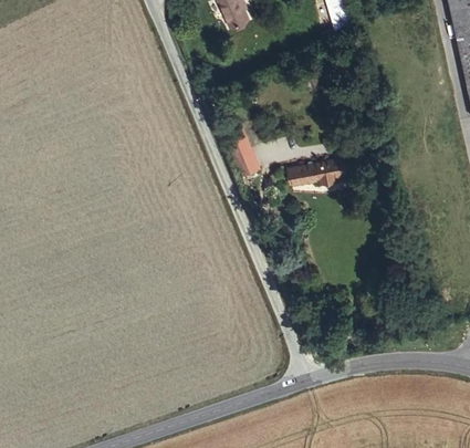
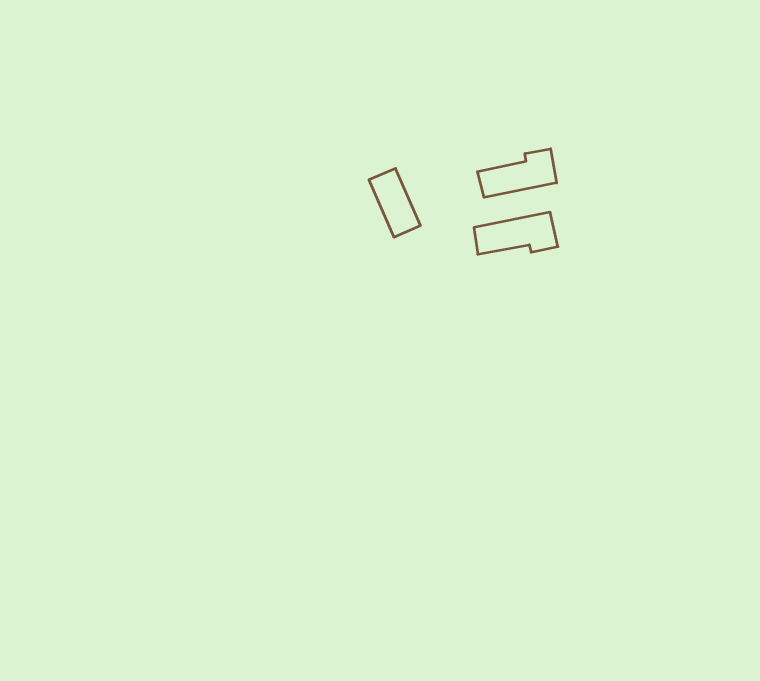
building: none -> [477,149,557,197]

